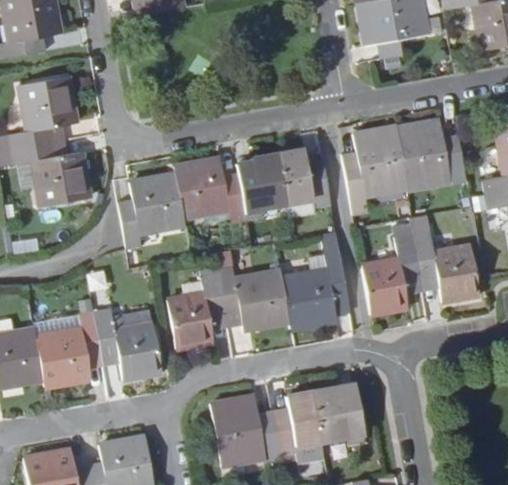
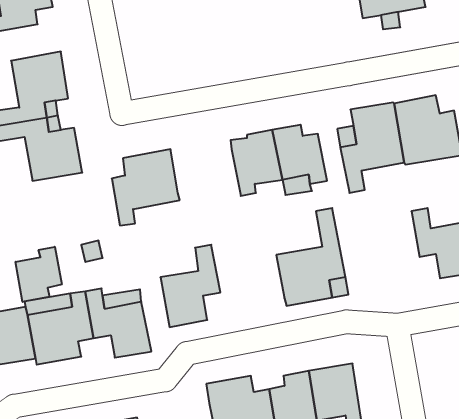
building: [176,159,246,223] -> none
building: [363,235,422,313] -> none
building: [217,265,289,330] -> none
building: none -> [16,247,62,302]

